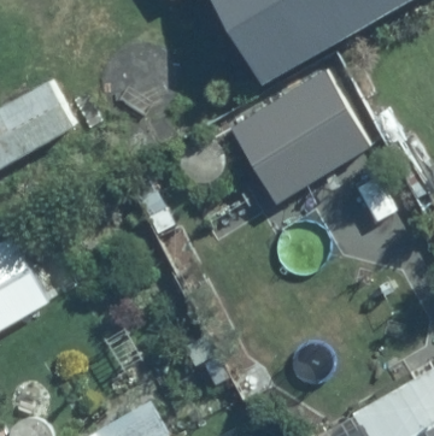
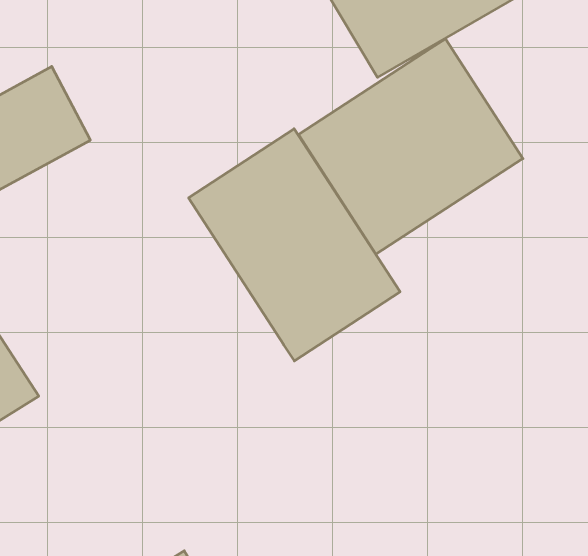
building: none -> [189,129,400,361]

